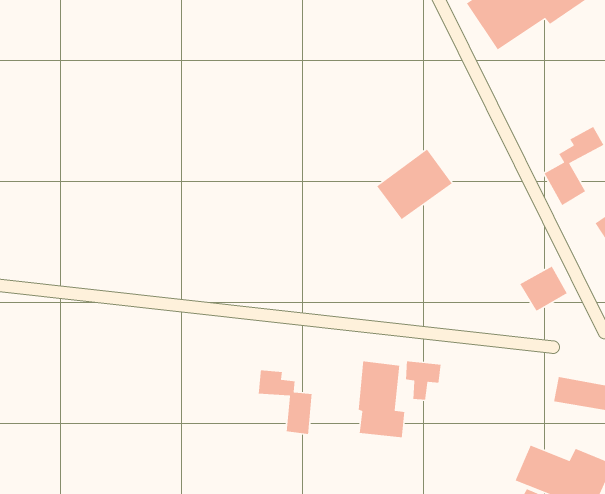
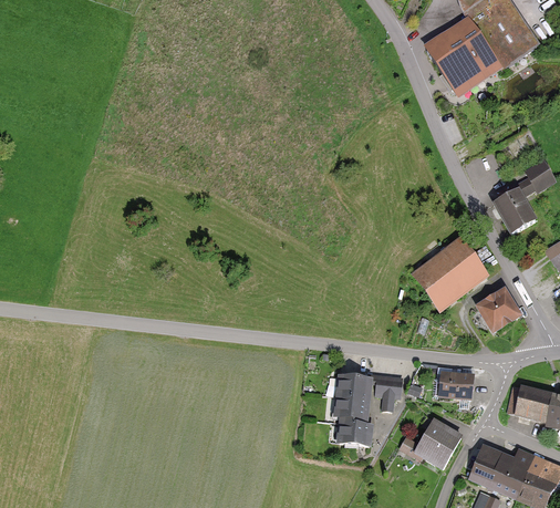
building: [376,148,453,220] -> [415,240,485,305]
building: none -> [436,373,476,397]
building: [258,370,313,435] -> none
building: none -> [397,418,463,469]

